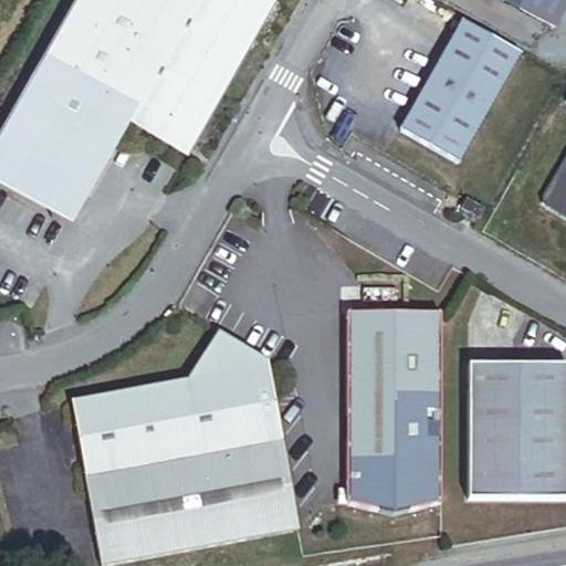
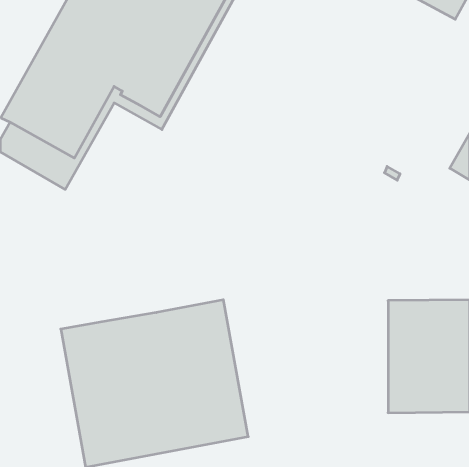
building: [394,18,514,159] -> none
building: [346,305,439,496] -> none
building: [189,326,270,376] -> none

